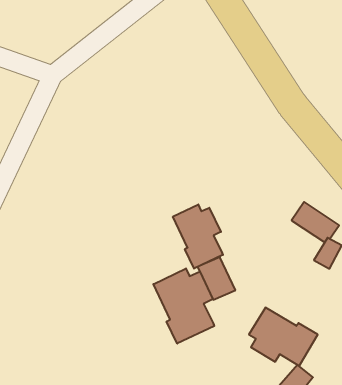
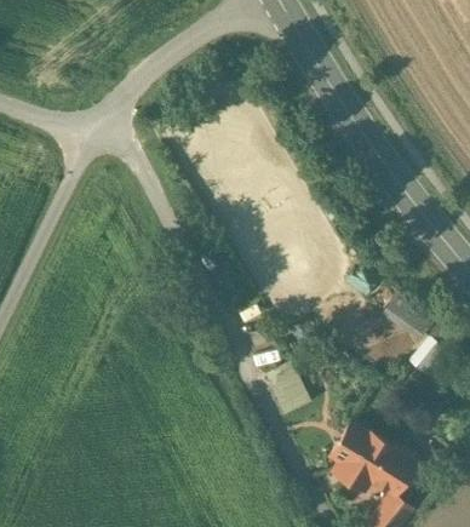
building: [173,204,223,269] -> none
building: [153,268,214,344] -> none

